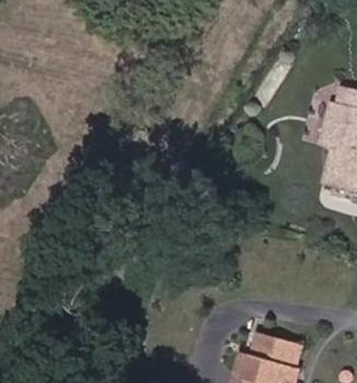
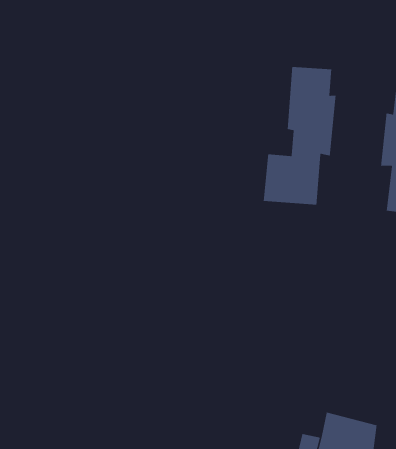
building: none -> [263,66,336,205]

